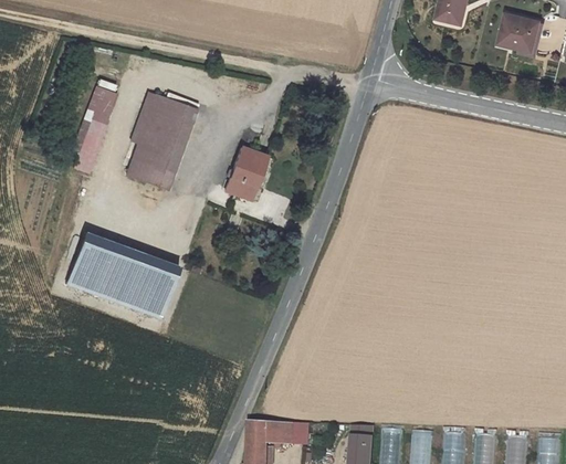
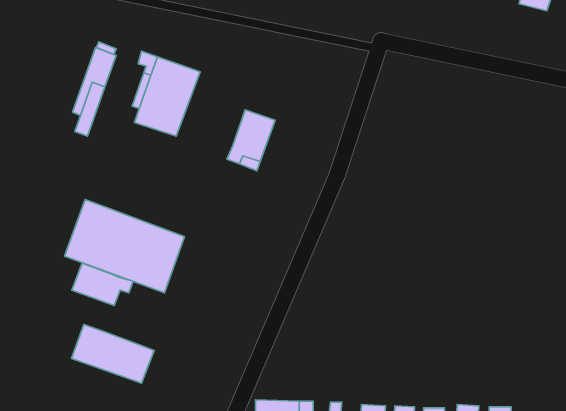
building: [127,158,172,188] -> none
building: none -> [72,263,133,306]
building: none -> [71,324,154,383]

